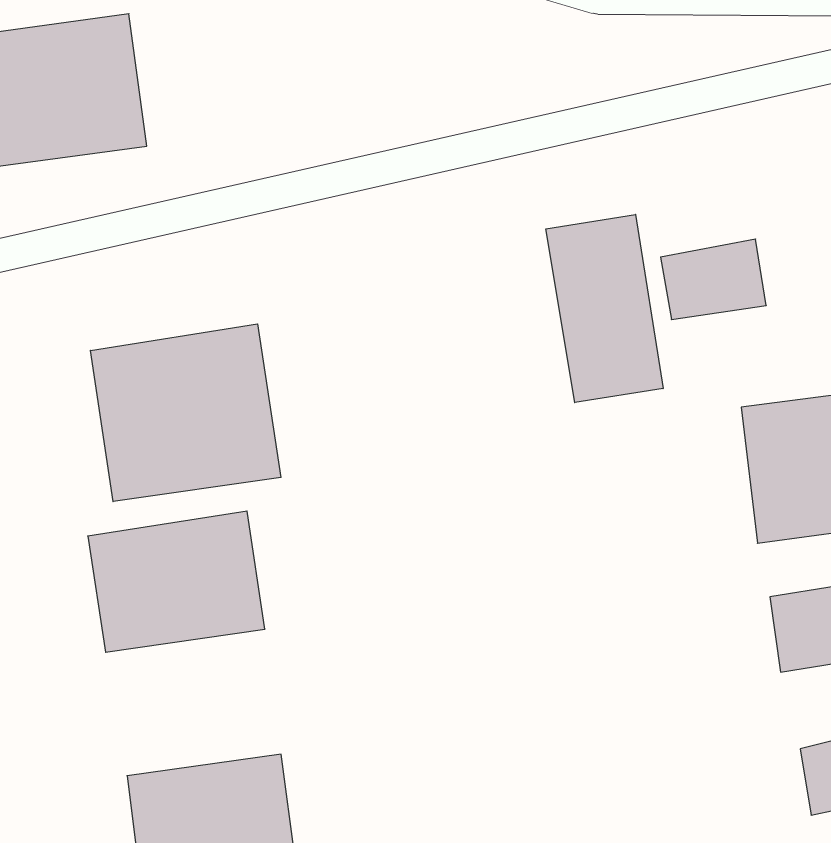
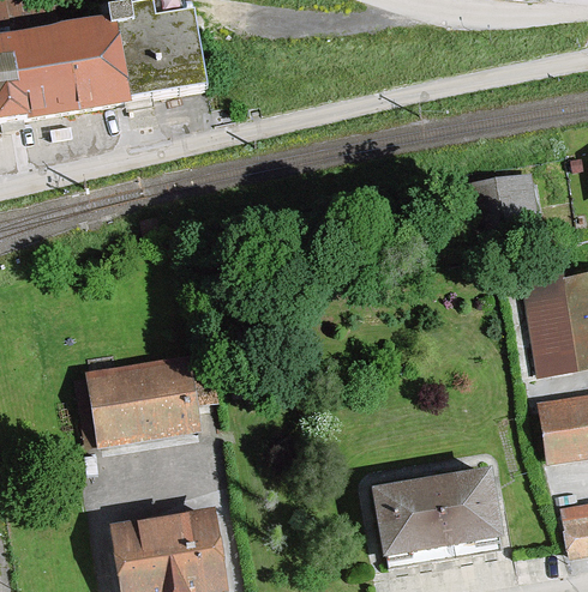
building: [546,214,663,403] -> none
building: [90,324,281,502] -> none
building: none -> [371,469,505,563]

